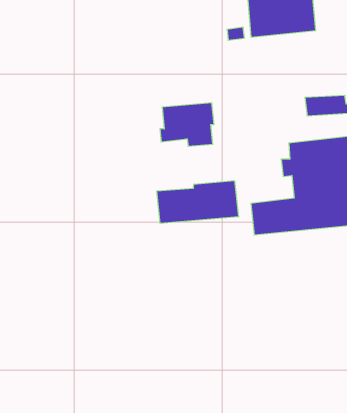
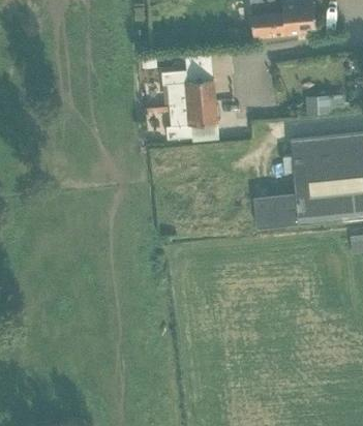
building: none -> [162,55,217,106]
building: [157,181,239,224] -> none

